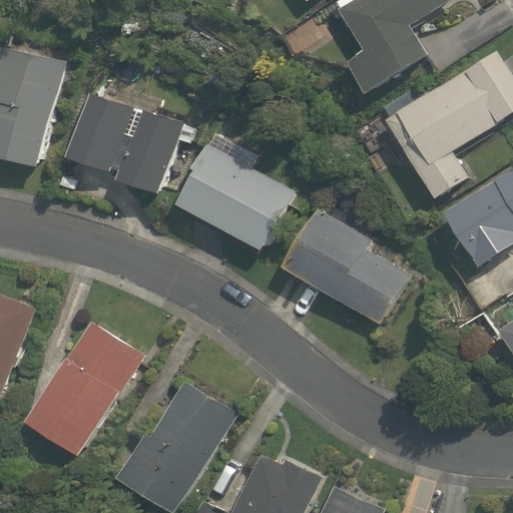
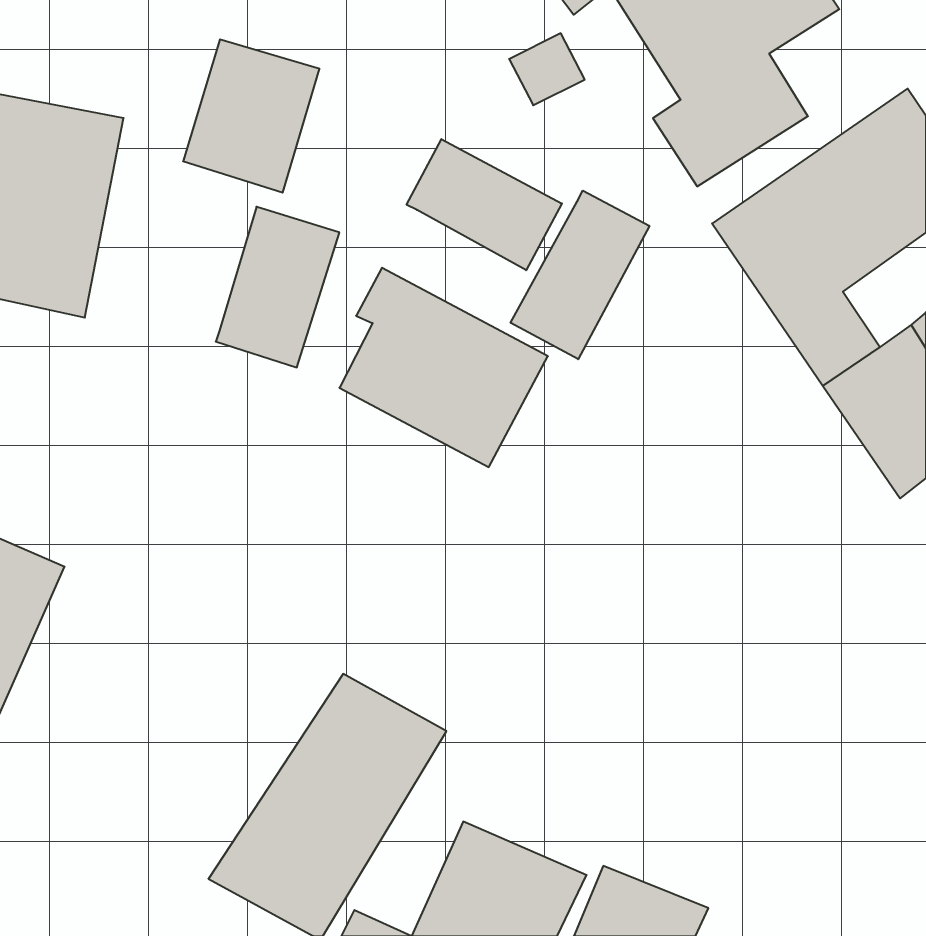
building: none -> [407,139,562,270]
building: [65,96,139,179] -> [183,39,320,193]
building: none -> [511,191,649,359]
building: [287,213,410,328] -> none
building: [25,317,140,450] -> none

